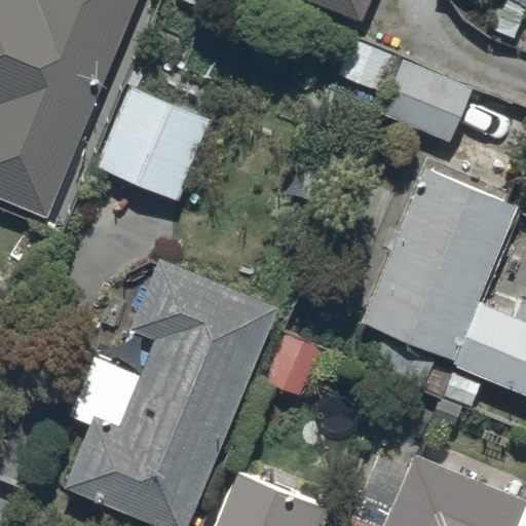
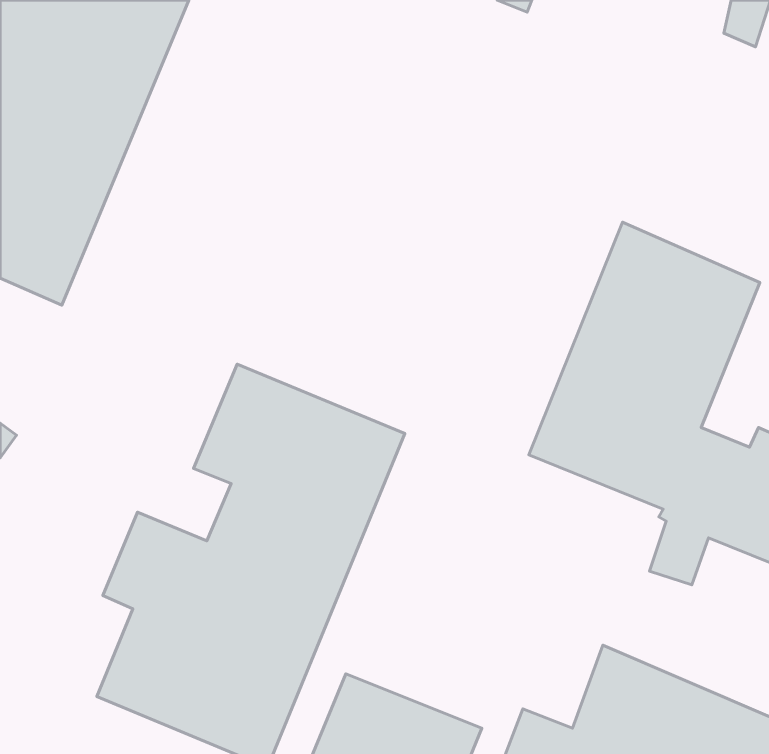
building: [341,42,473,145] -> none
building: [93,89,213,205] -> none

